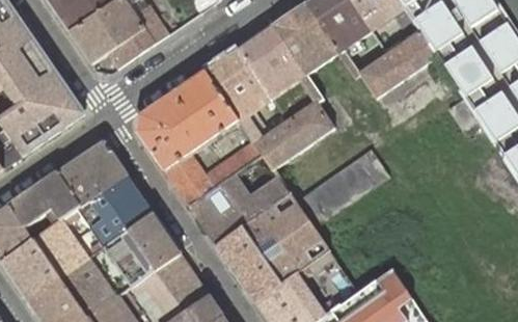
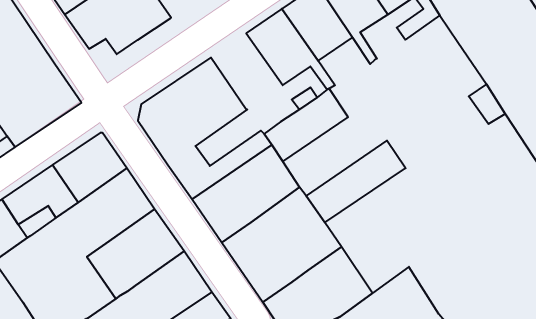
building: [359,31,437,99] -> none
building: [206,48,273,142] -> none

